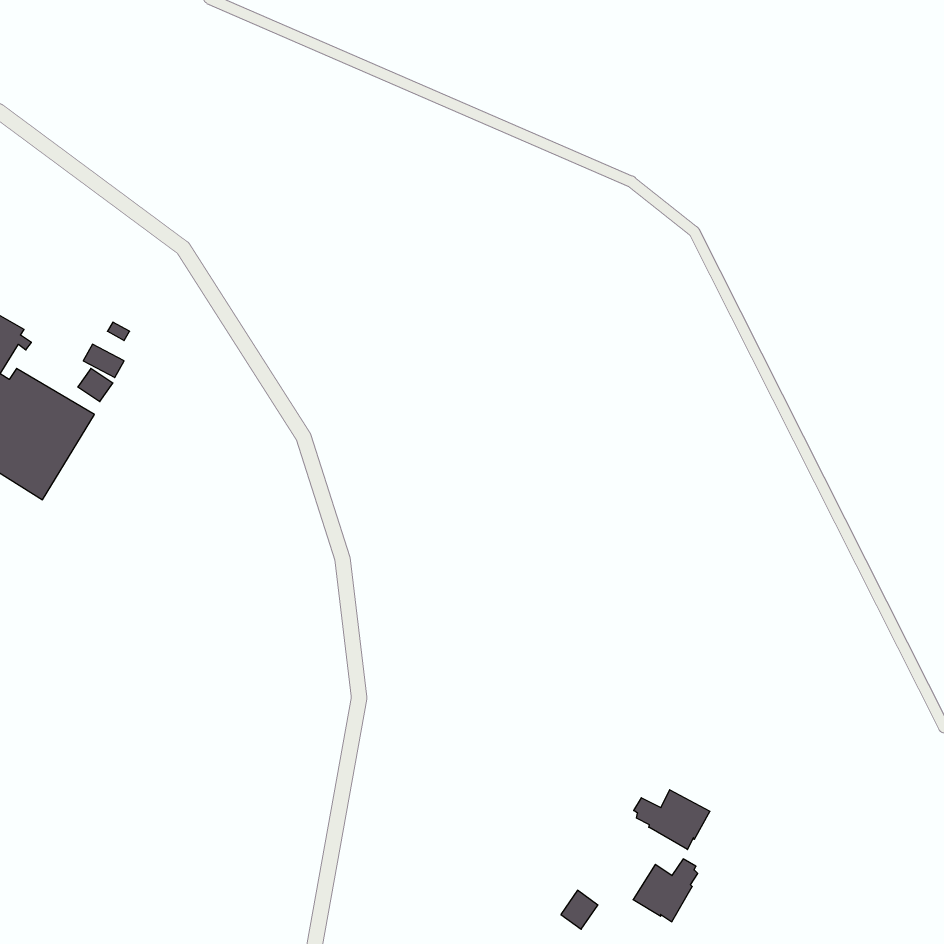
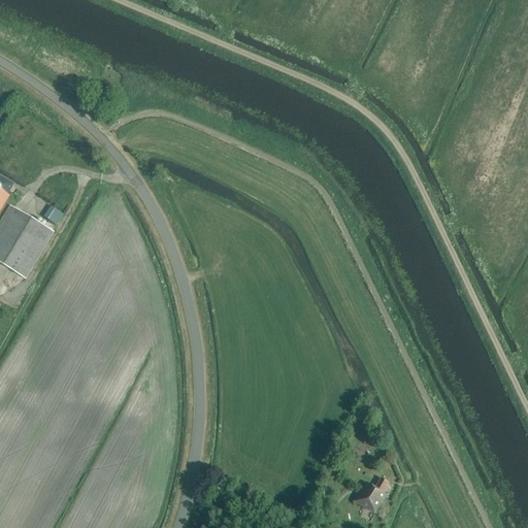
building: [634,790,710,850] -> none

